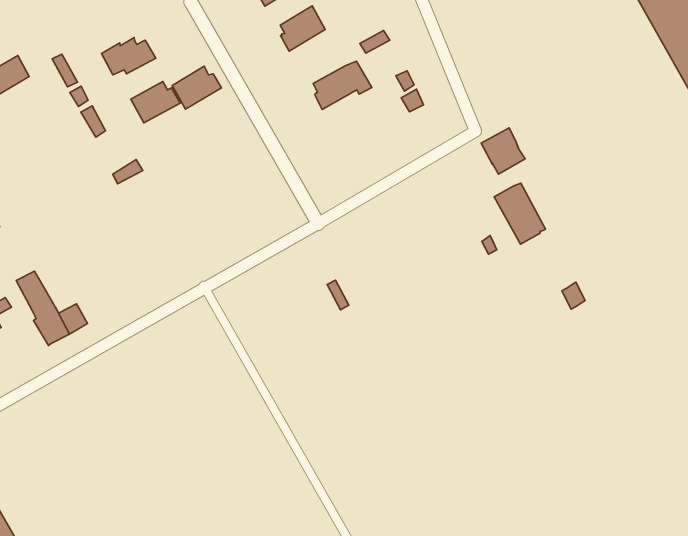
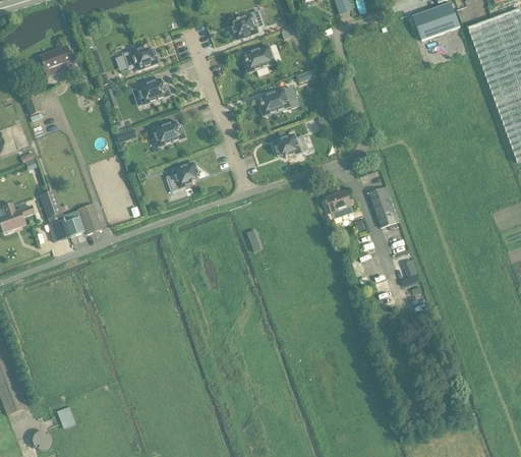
building: [172,66,222,109] -> [153,119,185,146]
building: [481,128,525,174] -> [326,188,353,218]
building: none -> [273,132,308,156]
building: none -> [167,161,198,190]
building: none -> [77,202,102,232]

